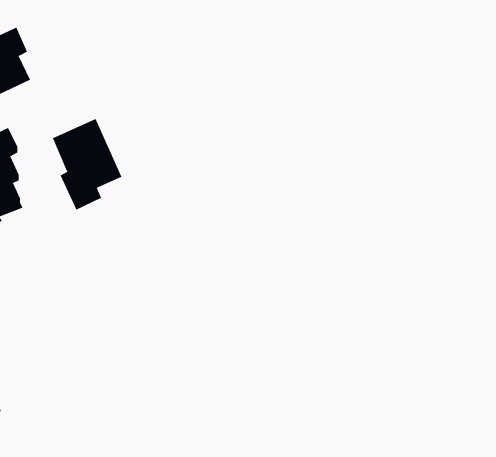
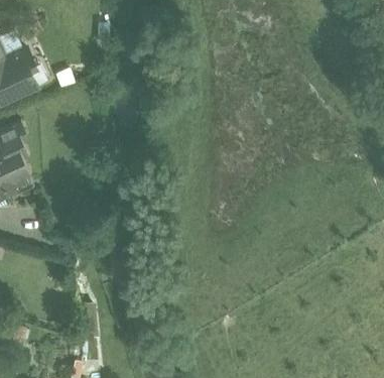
building: [52,118,122,211] -> none

